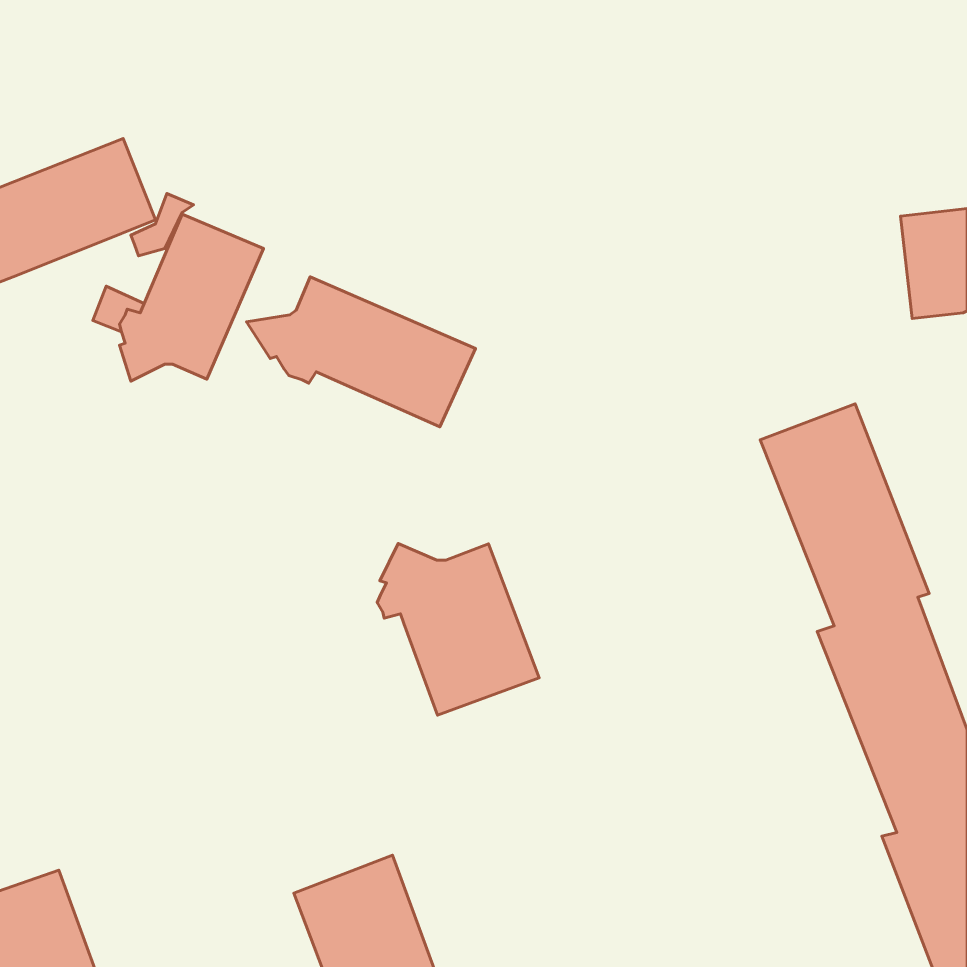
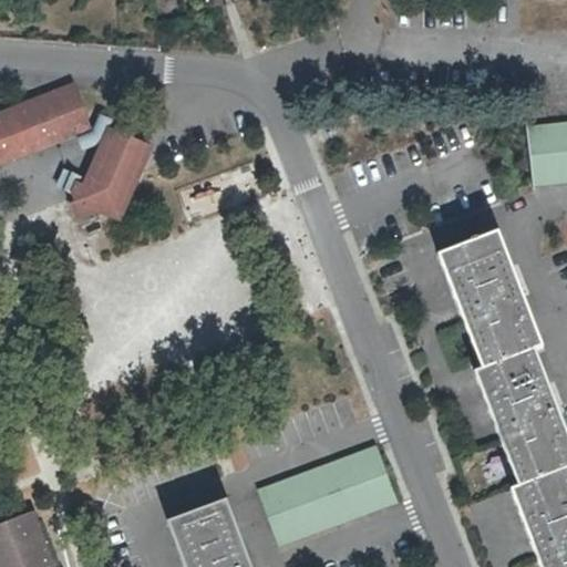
building: [247,277,476,427] -> none
building: [377,543,539,715] -> none
building: none -> [258,444,398,547]

